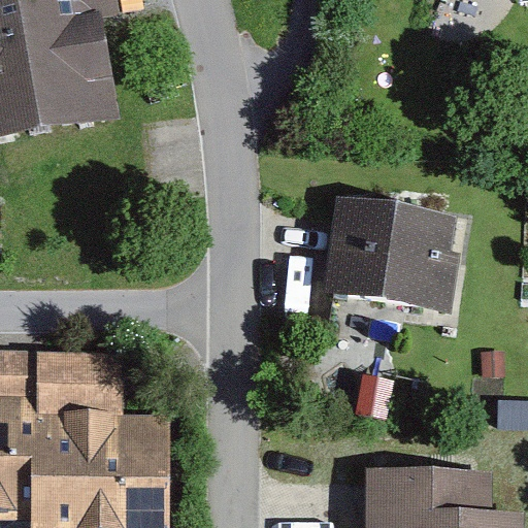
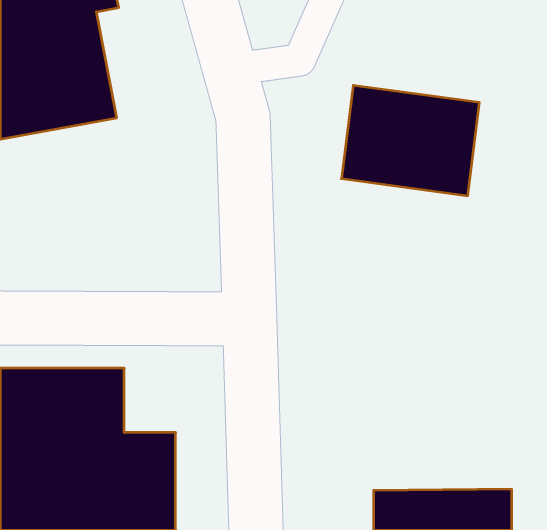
building: [321,203,454,309] -> [341,85,479,196]

